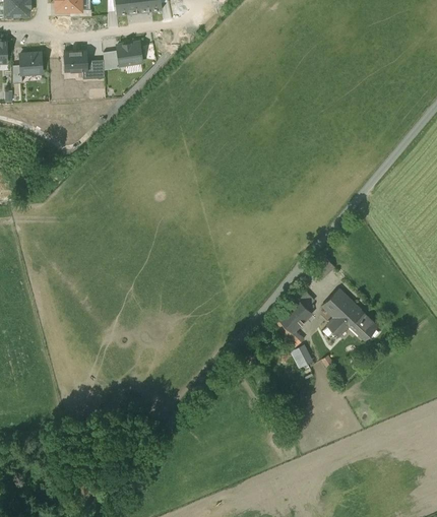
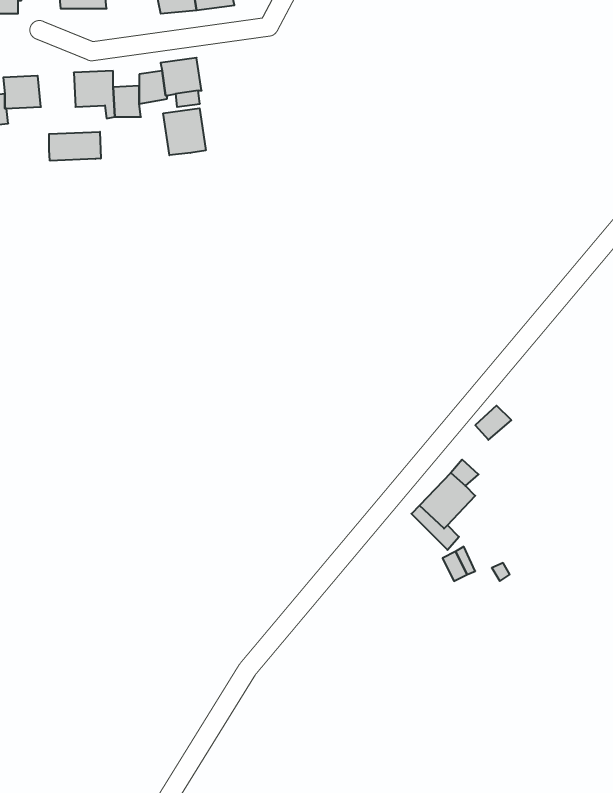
building: none -> [163,108,206,155]
building: none -> [49,132,101,161]
building: [322,288,378,338] -> none

